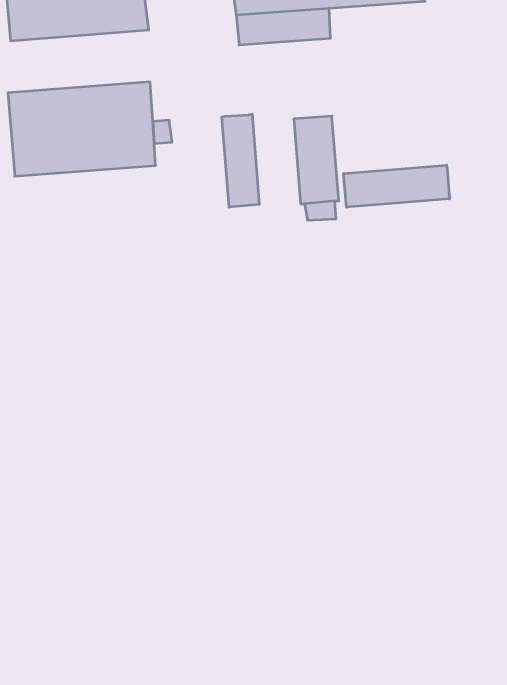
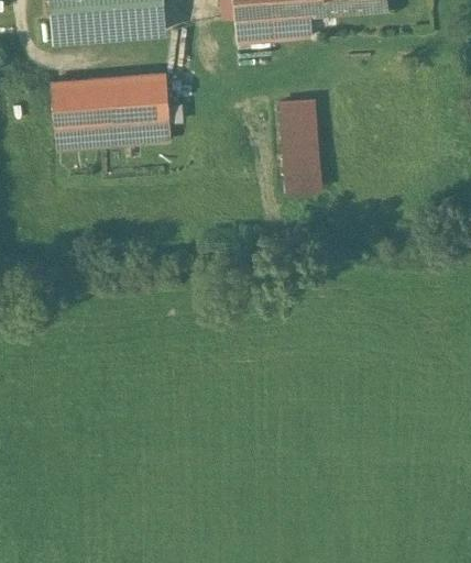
building: [222,114,259,207] -> none
building: [344,165,450,207] -> none

